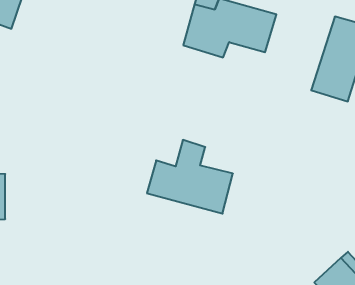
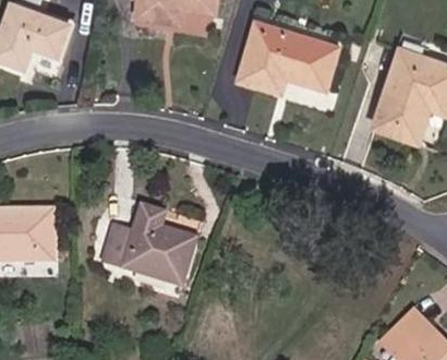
building: [147,140,233,214] -> [100,204,192,283]

